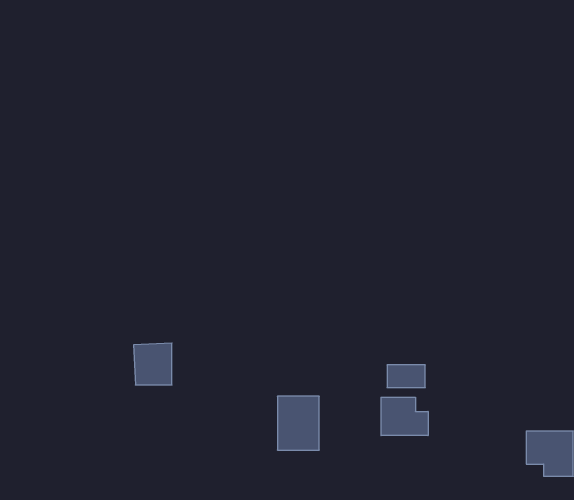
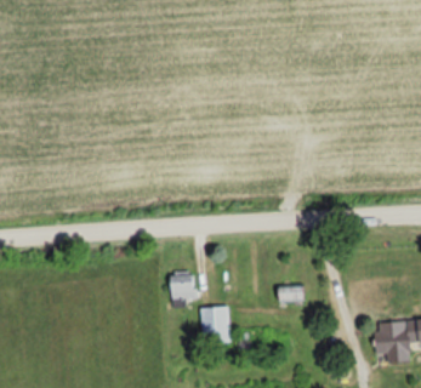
building: [134,343,172,385] -> [169,270,195,299]
building: [381,397,428,436] -> none

